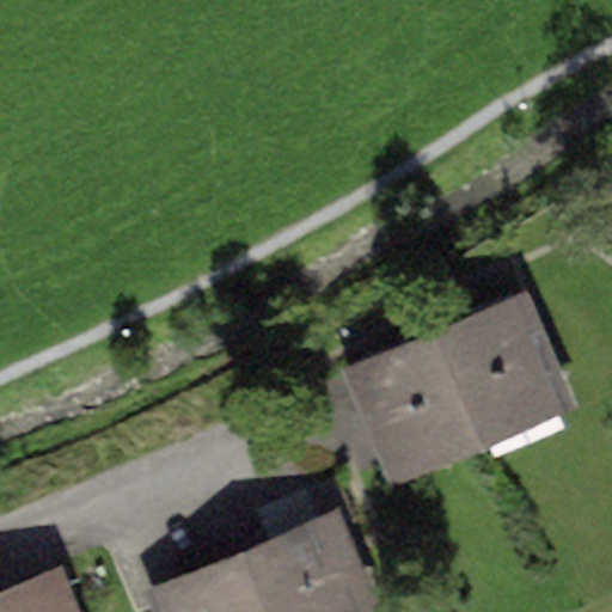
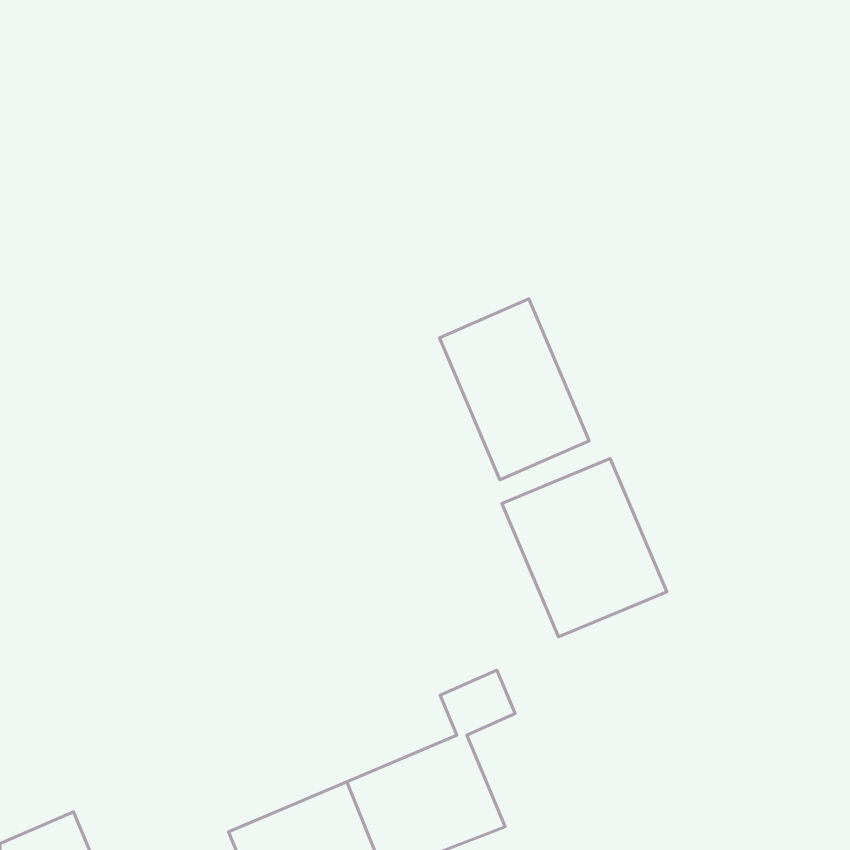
building: none -> [440,299,589,480]
building: [439,298,556,426] -> none

